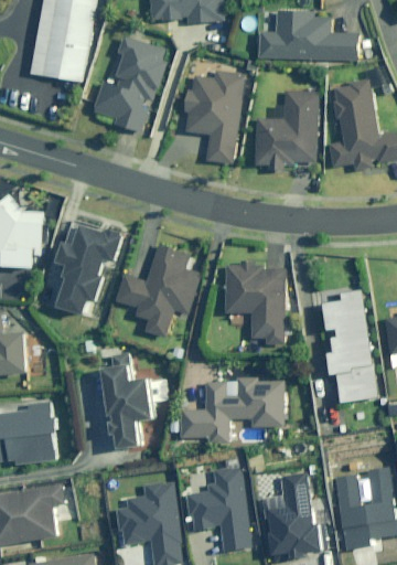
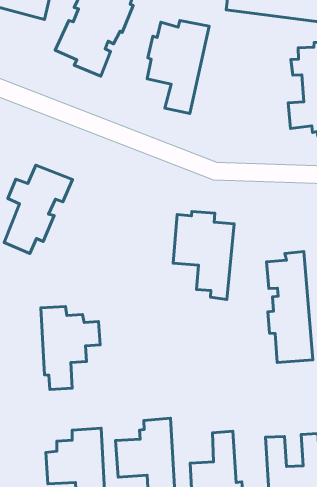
building: [257,90,316,170] -> none
building: [117,245,200,337] -> none
building: [171,376,283,443] -> none

